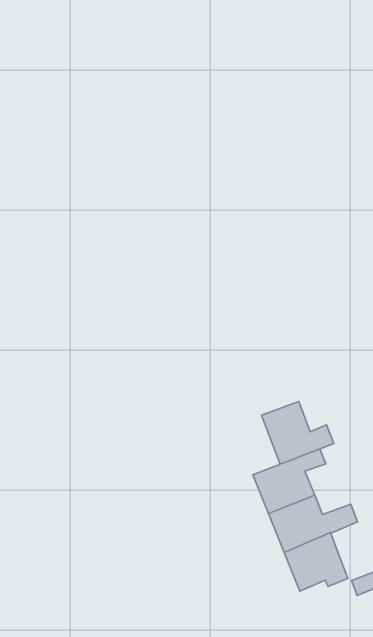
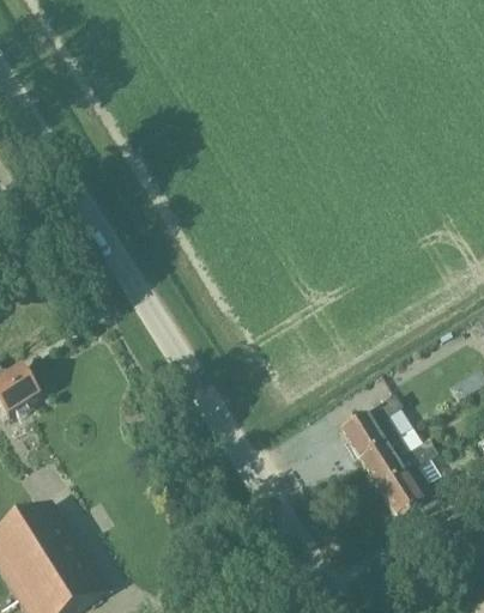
building: [262,401,334,464] -> none

